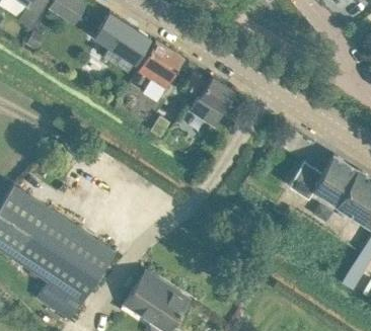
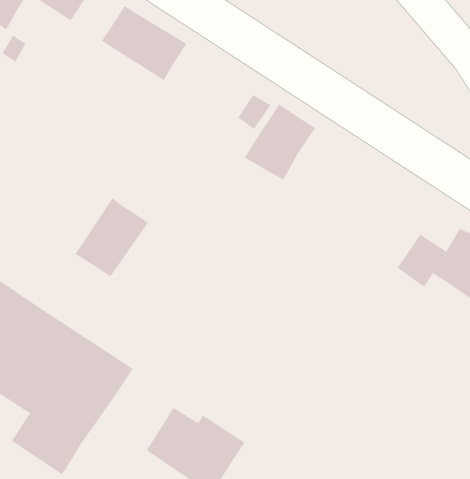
building: [133,43,183,88] -> none
building: none -> [75,198,149,277]

